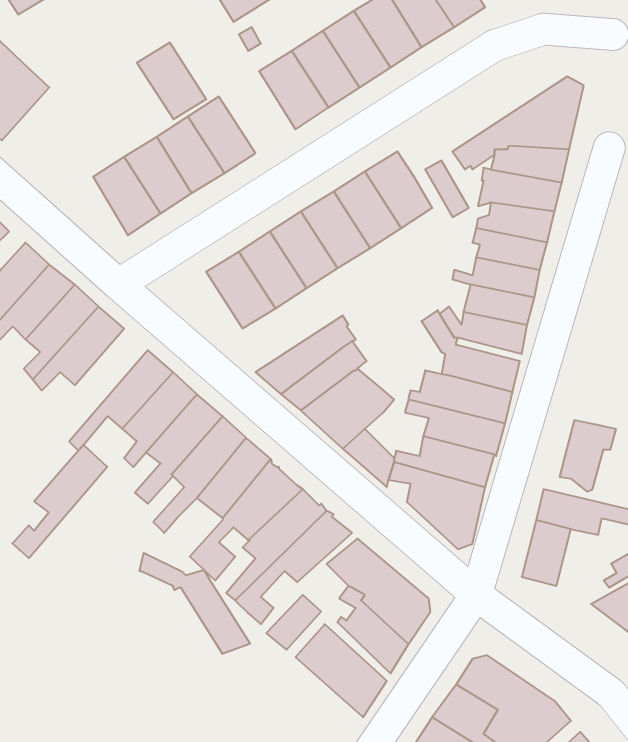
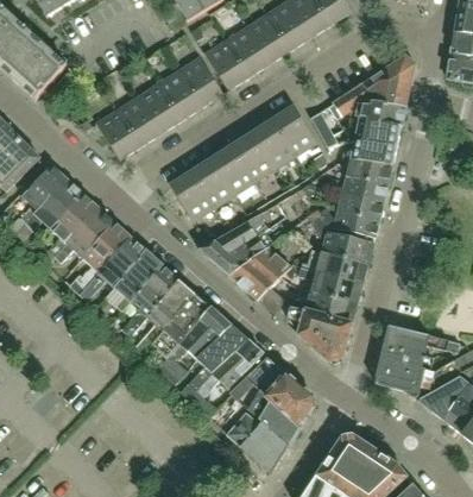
building: [137,43,206,119] -> [177,56,222,106]
building: [560,420,616,491] -> [397,351,434,397]
building: [12,445,107,558] -> [69,220,131,294]
building: [140,553,250,654] -> none

